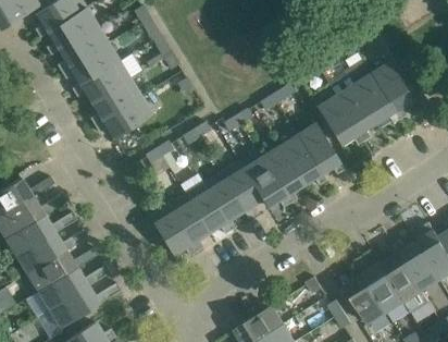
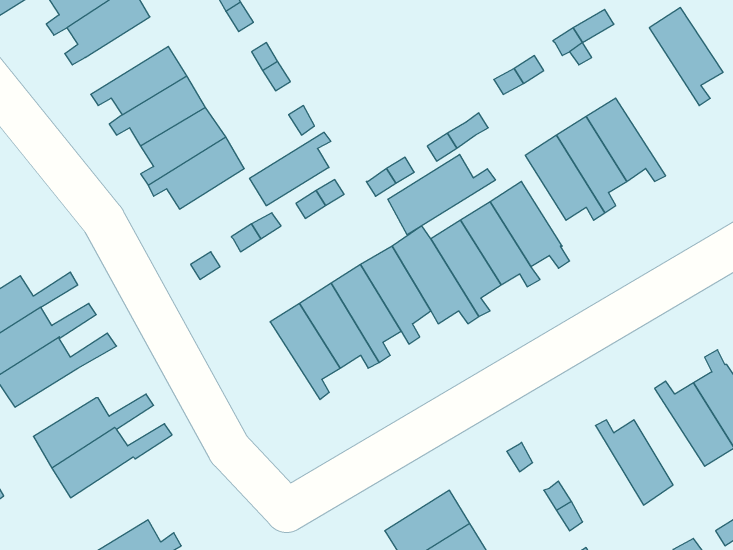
building: [58,26,108,72] -> none
building: [371,62,414,120] -> [649,8,723,106]
building: none -> [250,132,331,206]
building: none -> [388,154,495,235]
building: [149,206,197,256] -> none
building: [17,230,88,273] -> none
building: [382,245,430,314] -> none
building: [345,267,387,325] -> none
building: [50,283,121,328] -> none

